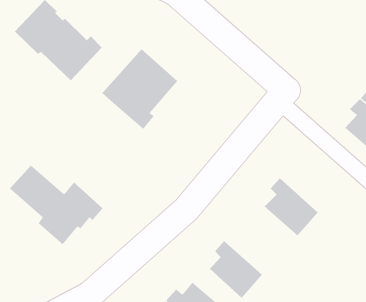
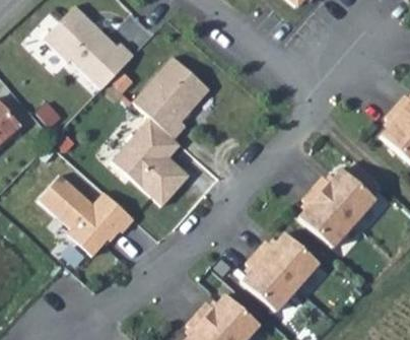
building: none -> [113,117,191,206]
building: none -> [315,168,375,223]
building: none -> [258,232,319,287]

